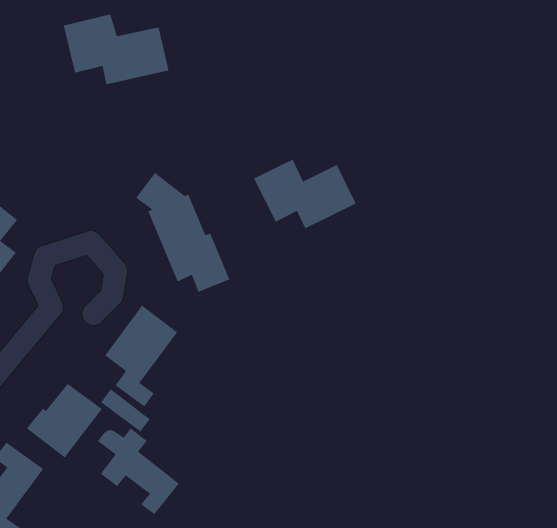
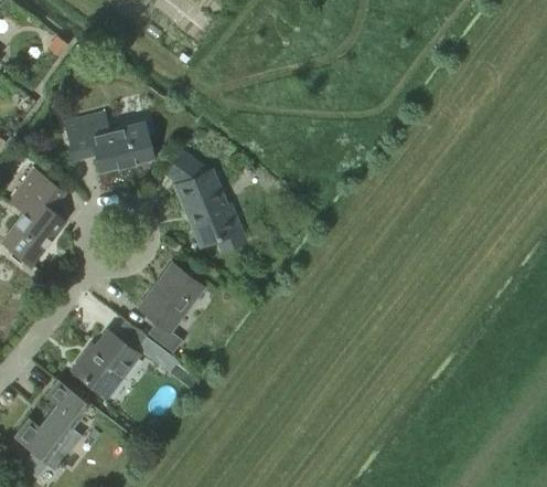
building: [63,13,170,85] -> [63,112,153,172]
building: [253,158,357,229] -> none
building: [97,428,180,515] -> none

